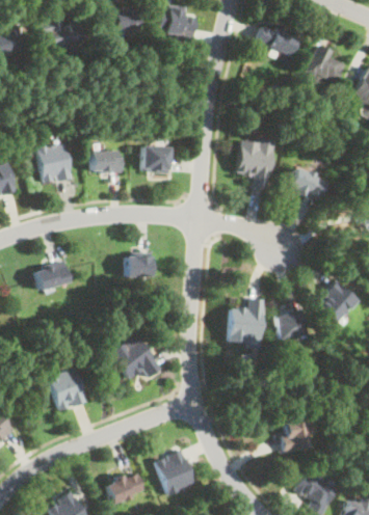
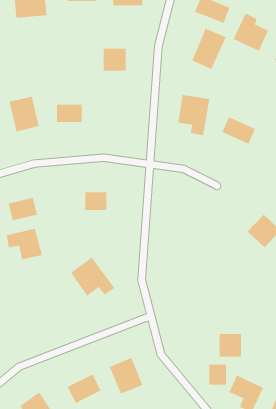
building: none -> [192,28,227,70]
building: [143,145,172,172] -> [103,48,127,71]
building: none -> [6,228,42,260]
building: [230,298,264,344] -> none
building: [278,314,306,338] -> none
building: [49,368,86,410] -> none
building: none -> [209,364,226,386]

